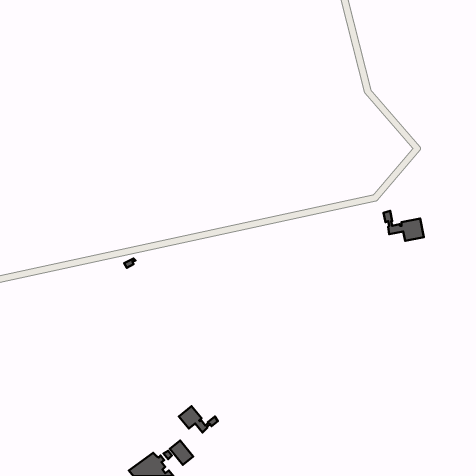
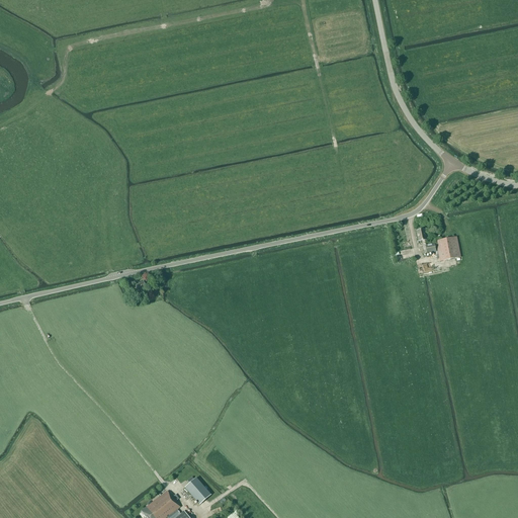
building: [179,406,218,432] -> none

